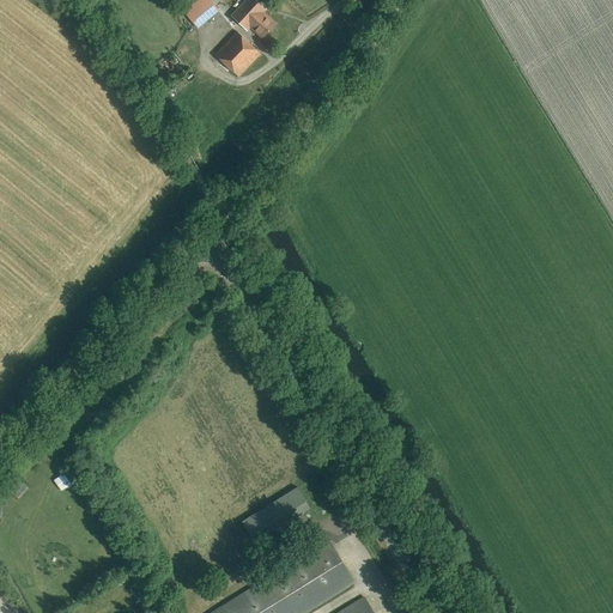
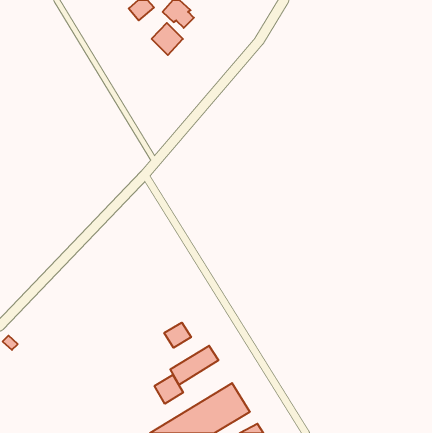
building: none -> [164,323,191,348]
building: none -> [155,375,183,404]

